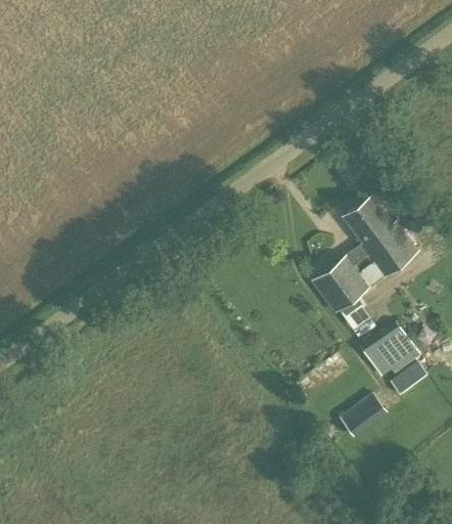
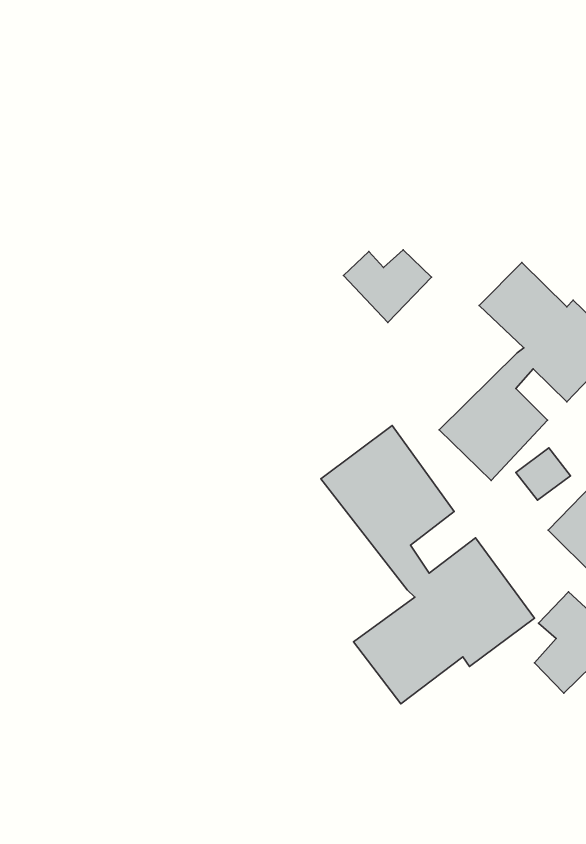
building: none -> [344,250,431,322]
building: none -> [321,425,534,704]

